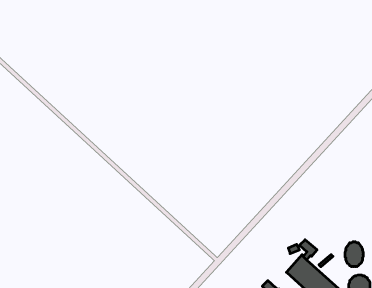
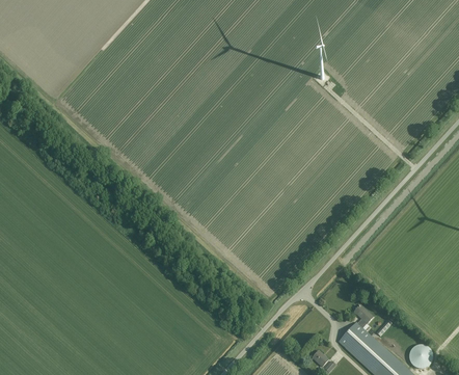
building: [345,242,363,267] -> none

